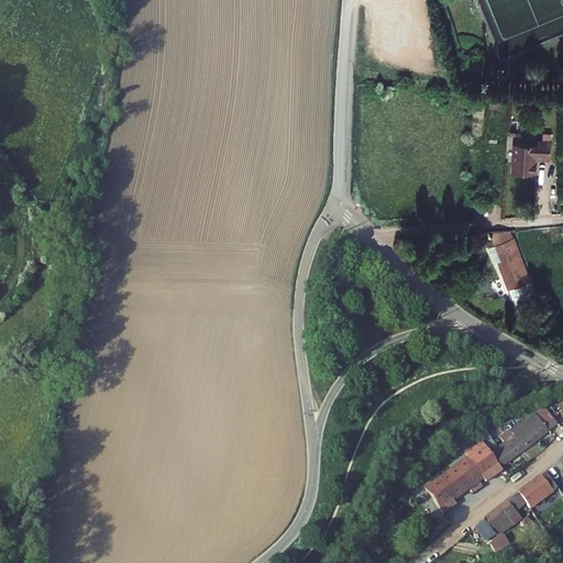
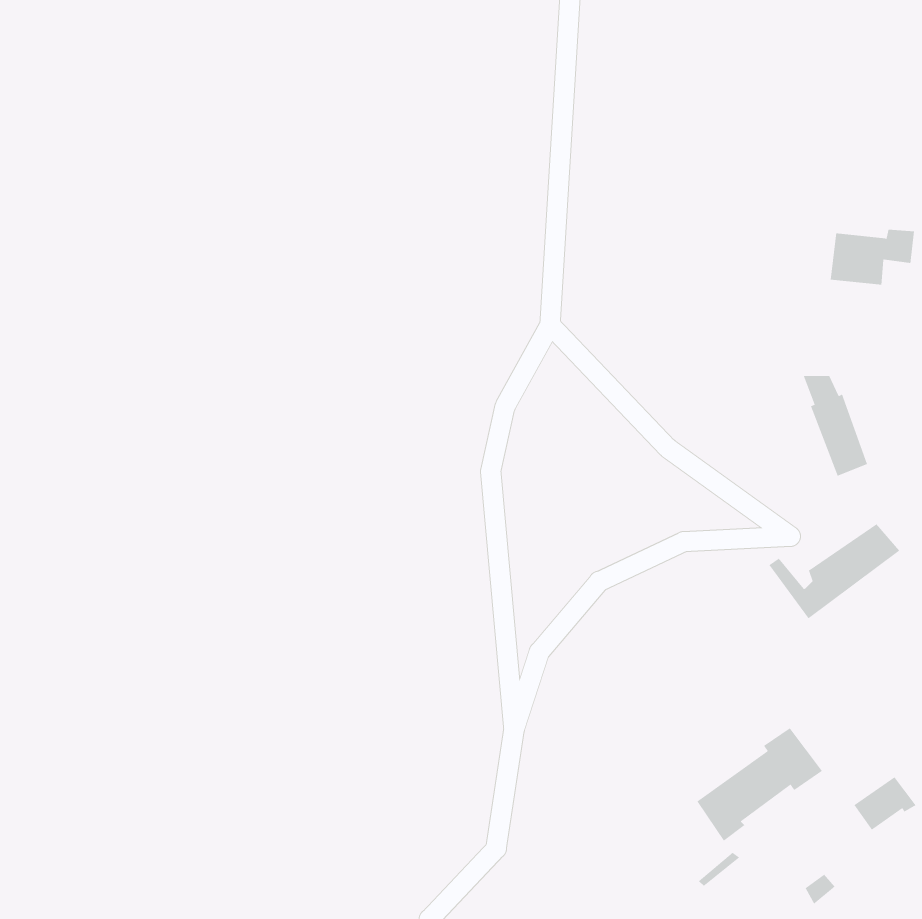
building: [476,408,556,466] -> [768,523,900,619]
building: [475,492,525,540] -> none

